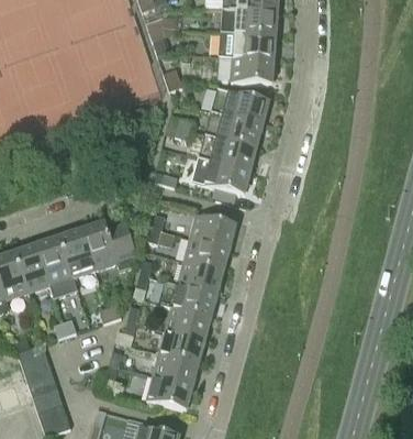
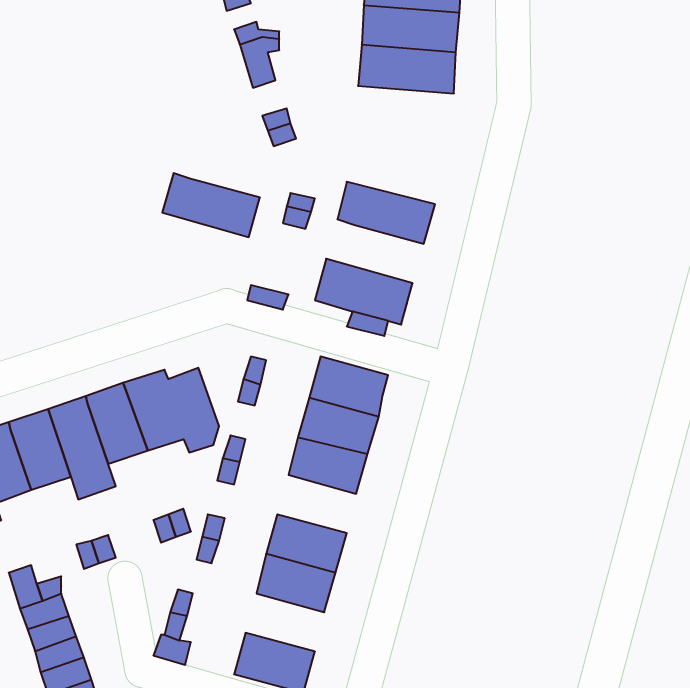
building: [230,56,274,84] -> none
building: [211,87,268,124] -> none
building: [199,133,256,171] -> [162,173,260,237]
building: [156,279,216,317] -> none
building: [152,352,198,386] -> none

